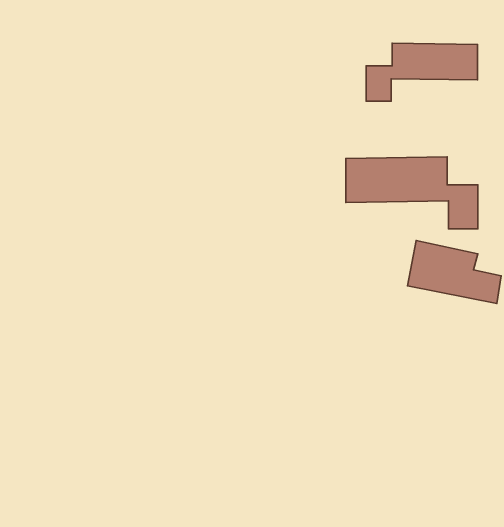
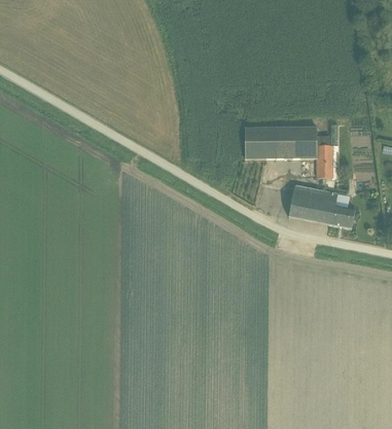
building: [366,43,478,101] -> none

